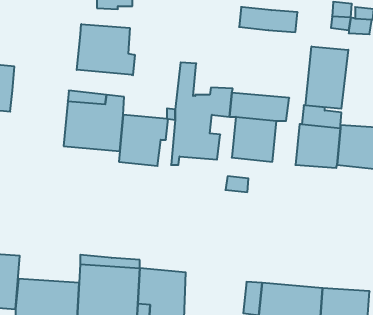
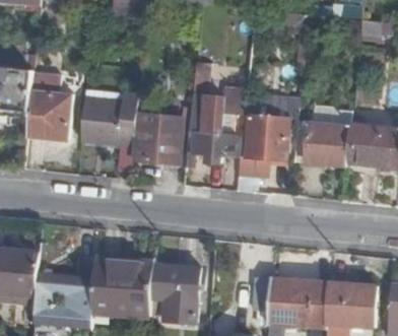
building: [77,24,135,75] -> none
building: [306,46,348,109] -> none
building: none -> [26,91,69,141]

